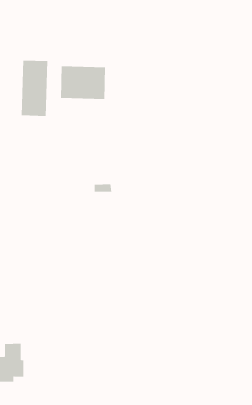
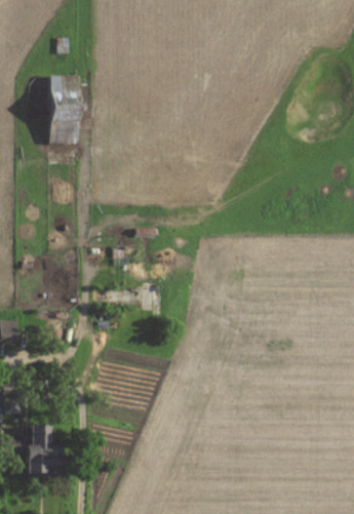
building: [60,66,106,100] -> none

